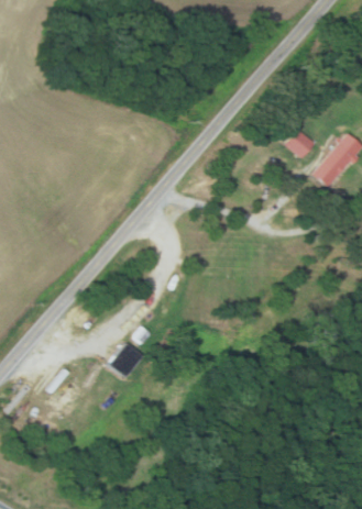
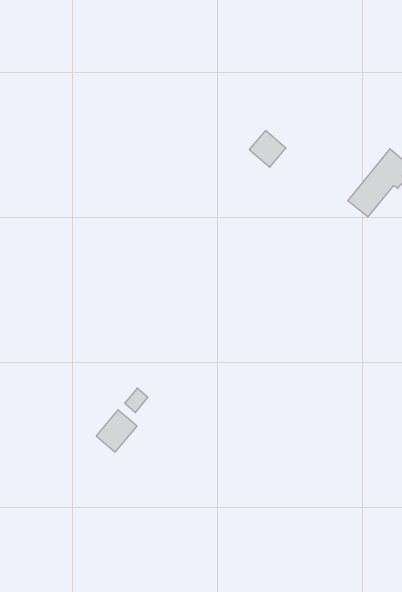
building: [284,130,314,159] -> [249,131,286,167]

